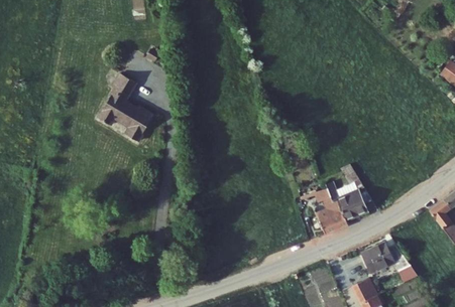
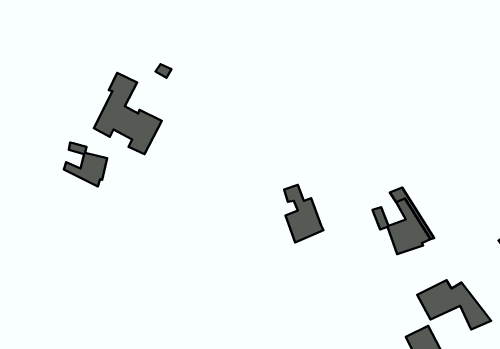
building: none -> [64,143,107,186]
building: [315,187,347,235] -> [284,185,324,243]

